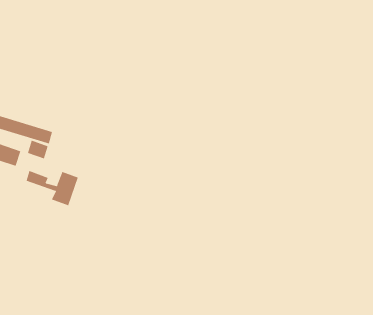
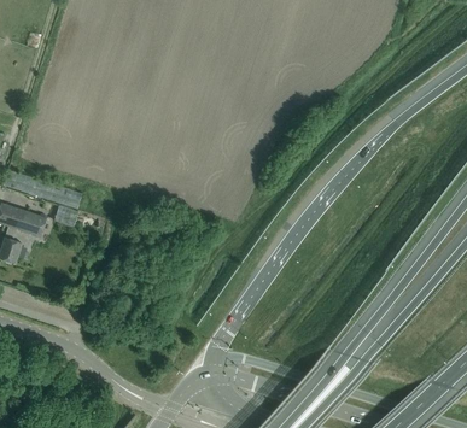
building: [26,170,78,206] -> none

